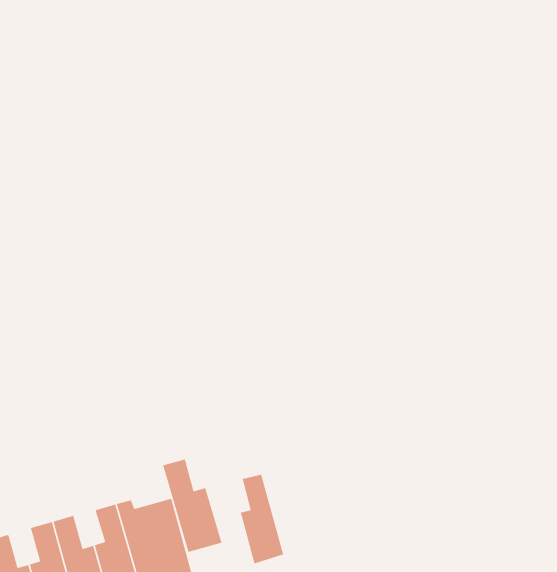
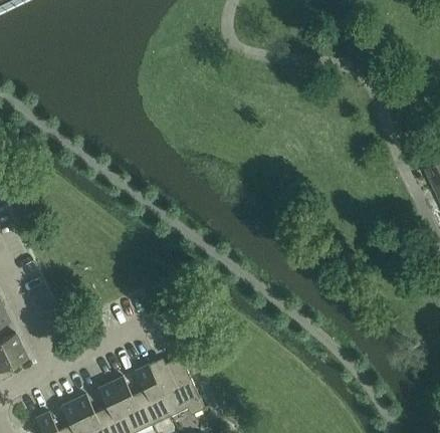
building: [162,458,223,553] -> none
building: [240,474,284,564] -> none

